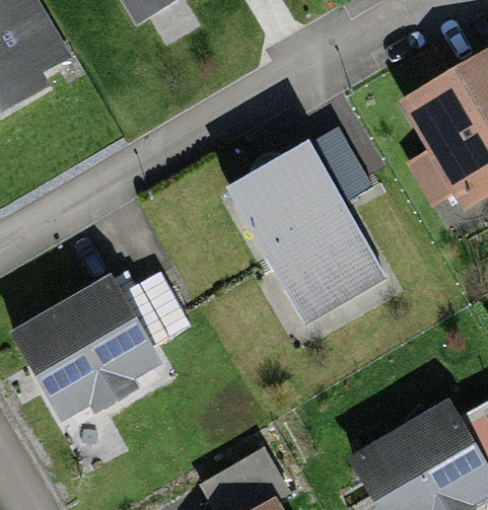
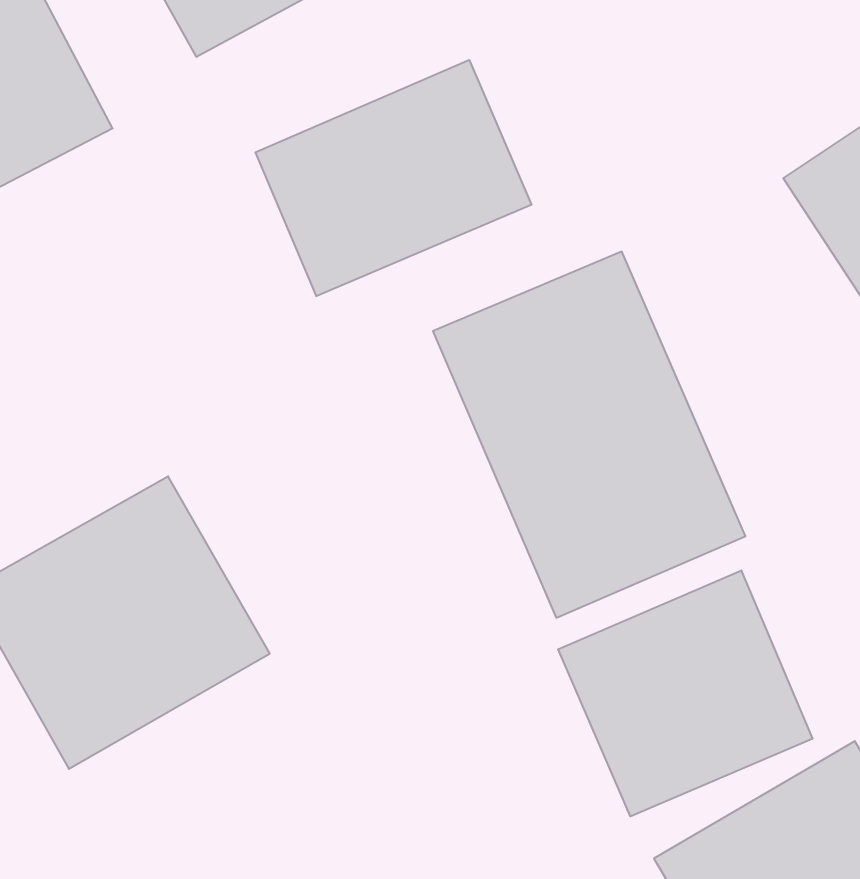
building: none -> [255,60,531,296]
building: none -> [558,570,812,816]

